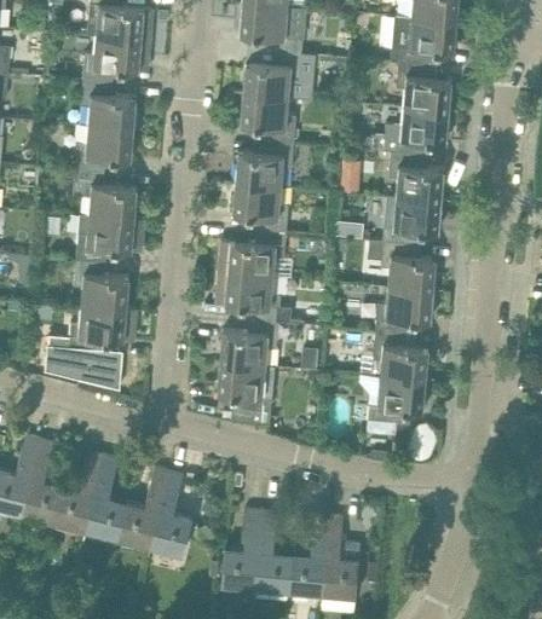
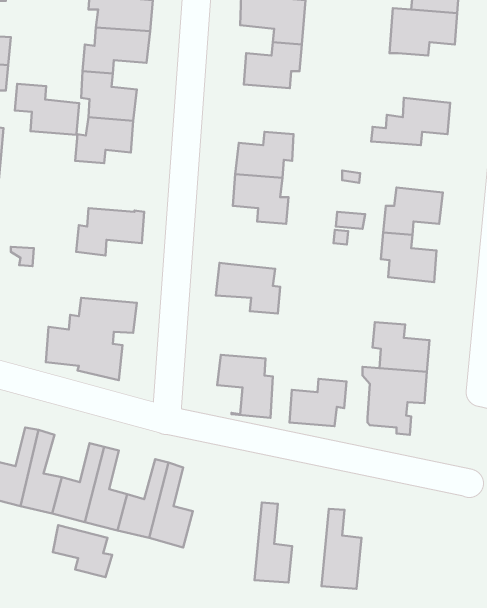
building: [396,63,451,112] -> none
building: [241,94,295,144] -> none
building: [387,152,444,202] -> none
building: [73,170,137,221] -> [15,84,79,135]
building: [219,231,286,278] -> none
building: [74,261,137,312] -> none
building: [374,287,433,334] -> none
building: [220,320,277,368] -> [289,379,347,426]
building: [221,510,261,589] -> none
building: [288,516,328,595] -> none
building: none -> [53,525,112,577]

